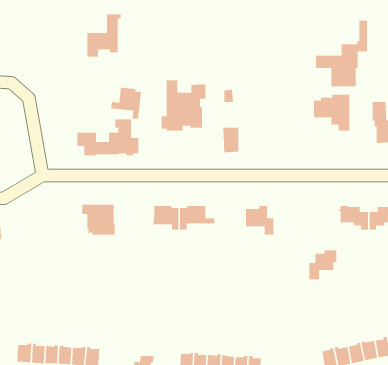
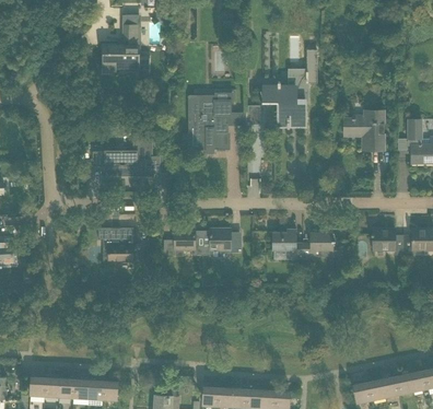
building: [315,20,368,94] -> [261,49,317,128]
building: [111,87,141,120] -> none
building: [308,250,337,280] -> [303,229,333,260]

